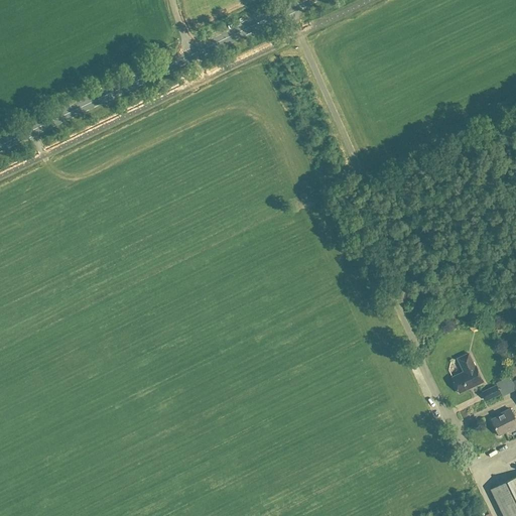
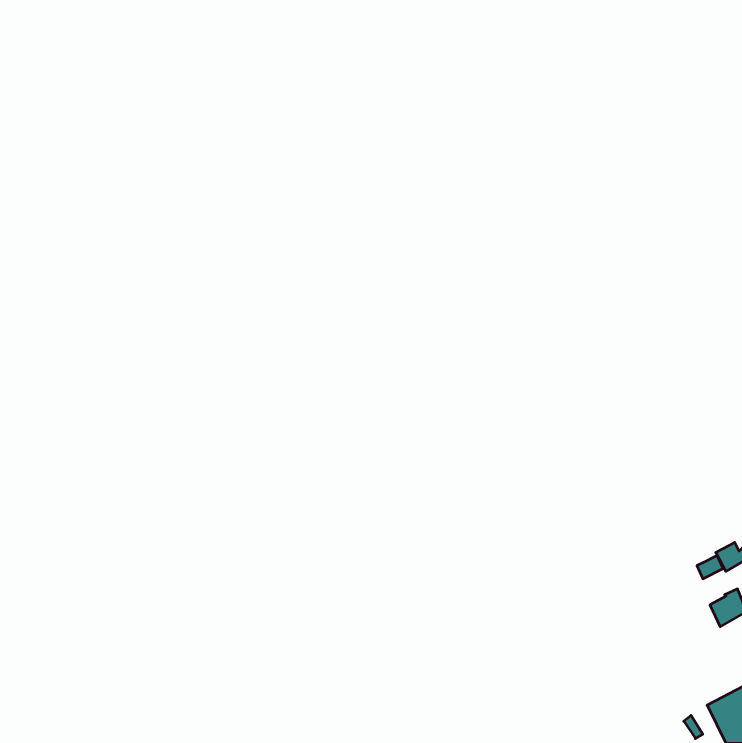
building: [452,358,481,394] -> none

